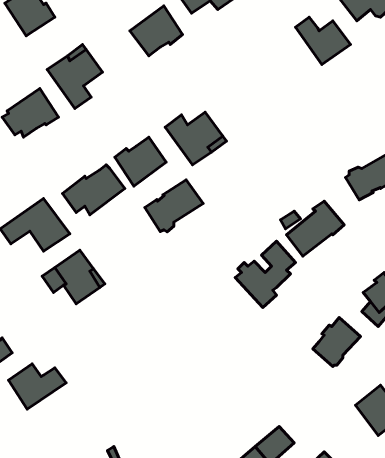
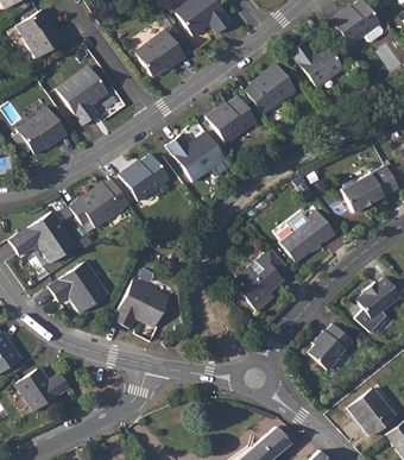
building: none -> [245,61,296,111]
building: none -> [206,95,255,141]
building: [145,180,203,232] -> none
building: none -> [114,279,166,328]

